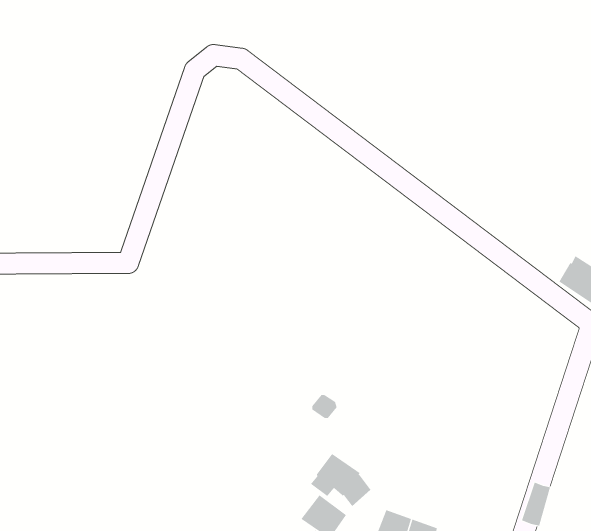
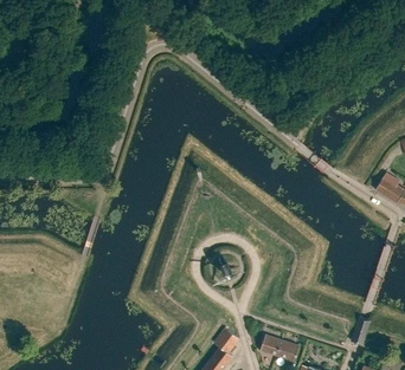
building: [310,453,371,507] -> none

